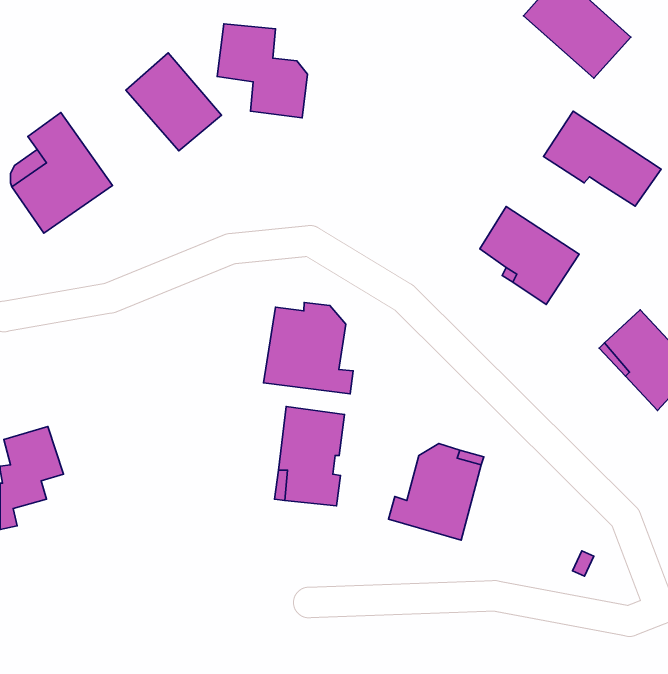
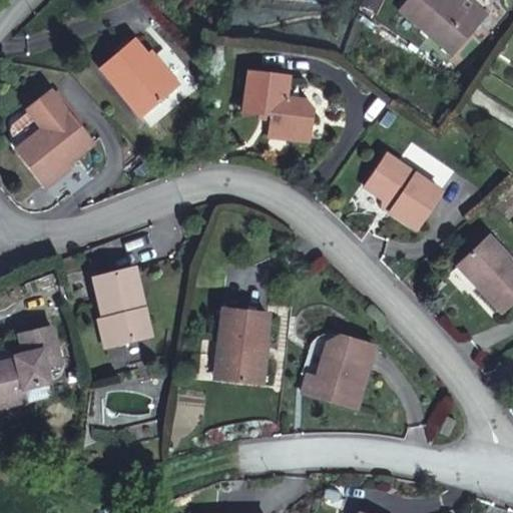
building: [217,24,307,118] -> [245,71,314,142]
building: [543,111,661,206] -> none
building: [264,303,353,394] -> none
building: none -> [88,263,151,358]

